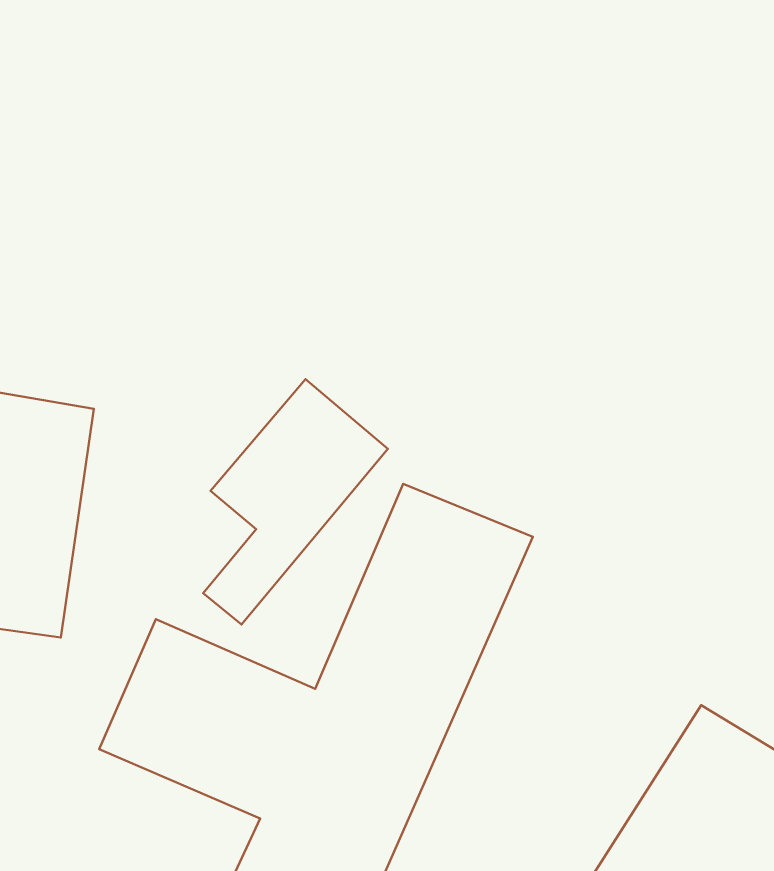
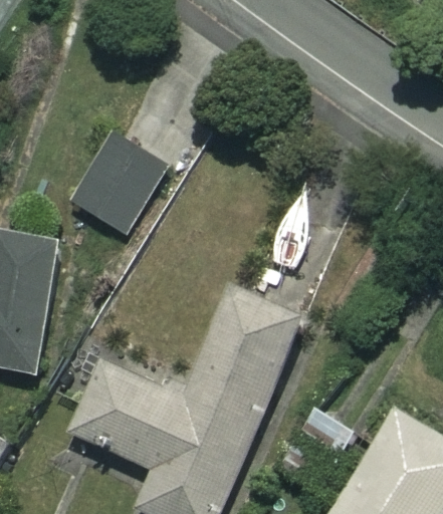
building: [203,379,388,624] -> [65,130,167,264]

